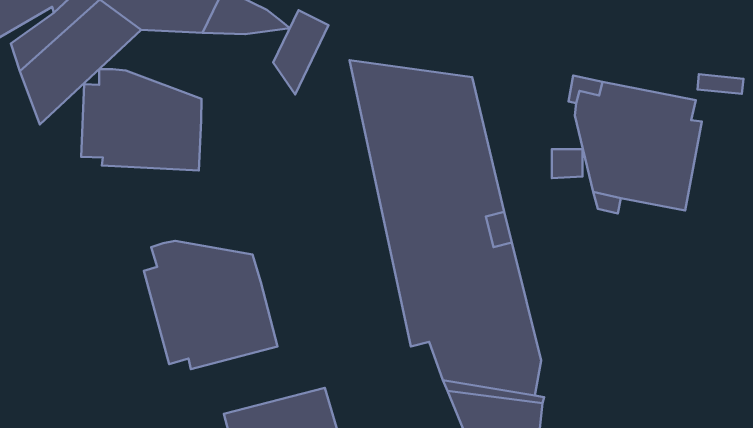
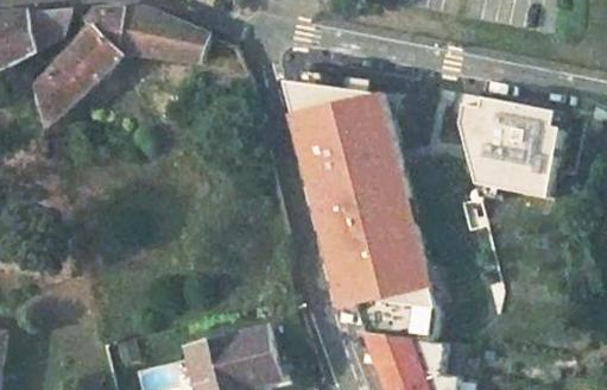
building: [273,10,329,94] -> none
building: [81,69,201,171] -> none
building: [144,241,278,369] -> none

